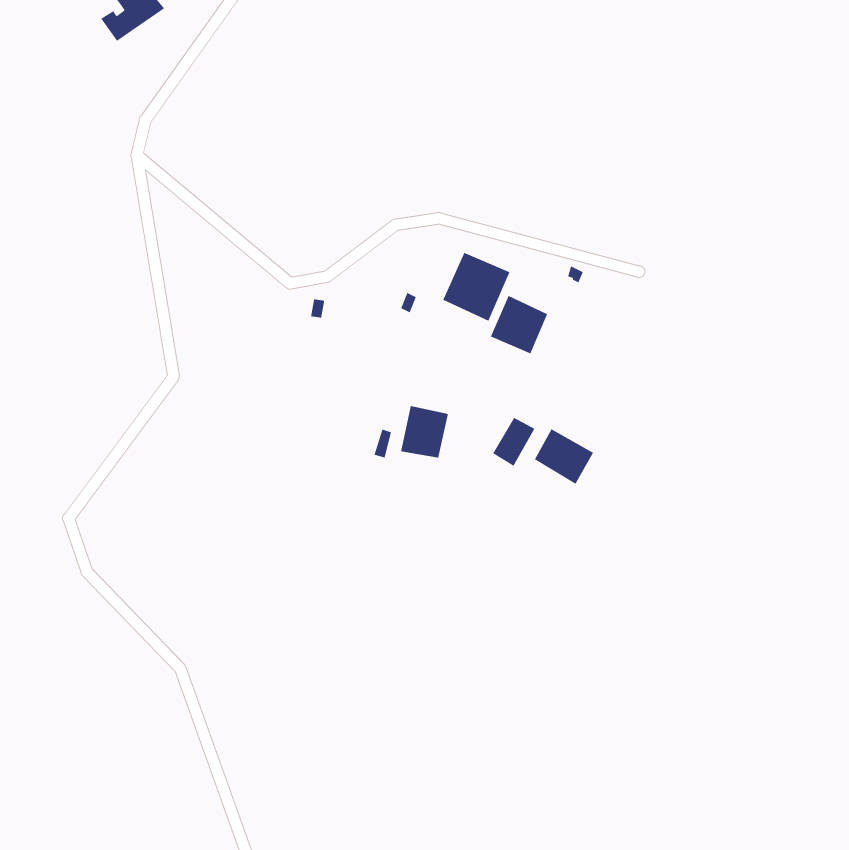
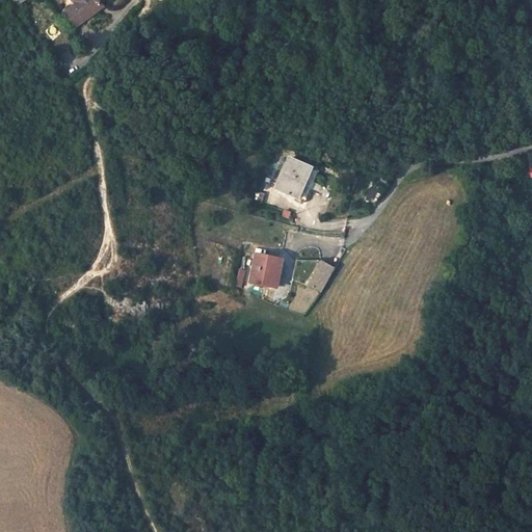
building: [490,295,548,355] -> none
building: [534,428,594,485] -> none

